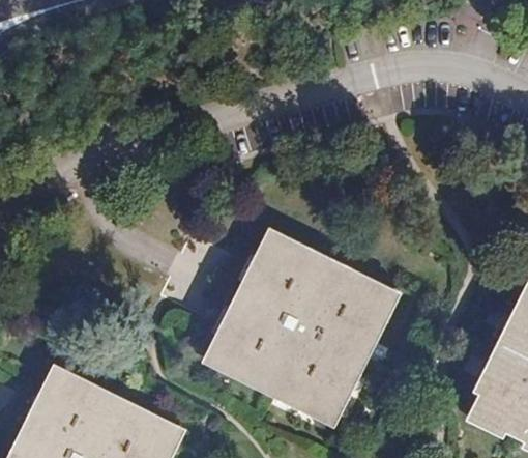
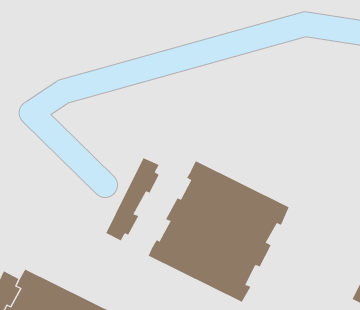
building: [206,244,274,349] -> [106,157,160,241]

